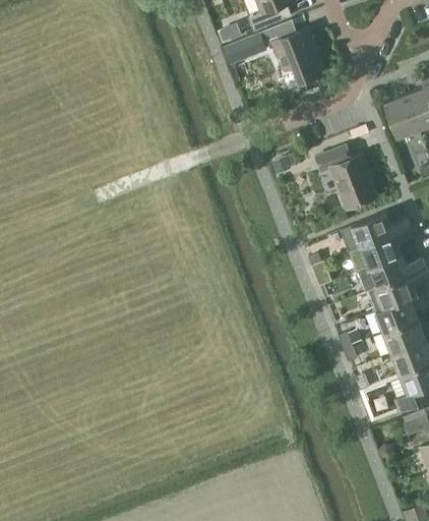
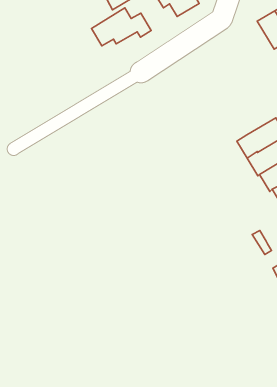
building: none -> [91,8,151,46]
building: [316,147,377,211] -> none

